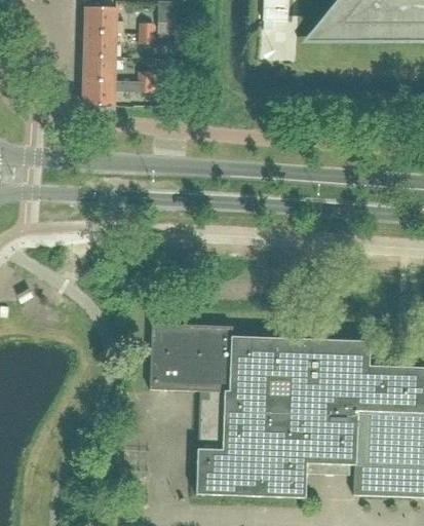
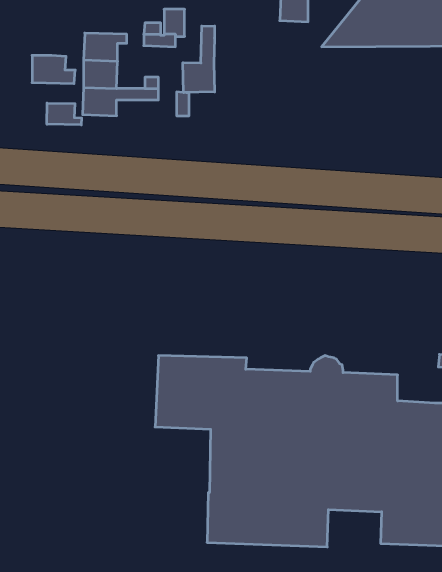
building: [86,6,125,32] -> [32,55,75,84]
building: none -> [183,26,215,93]
building: none -> [47,103,82,125]

